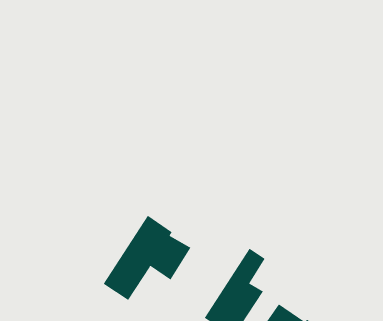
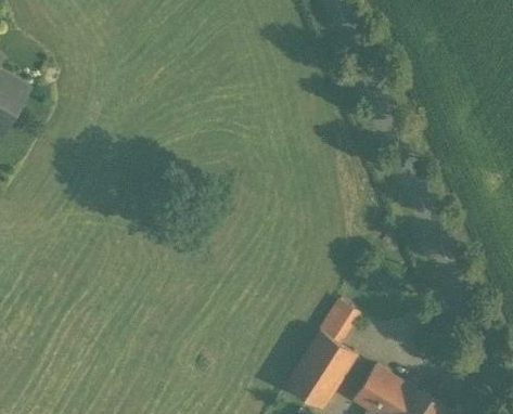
building: [103,215,191,301] -> none

